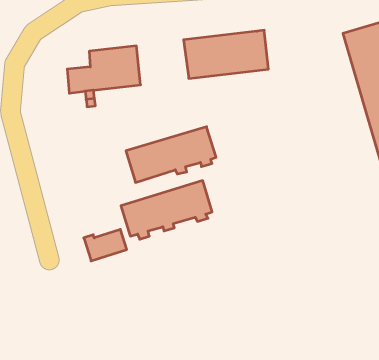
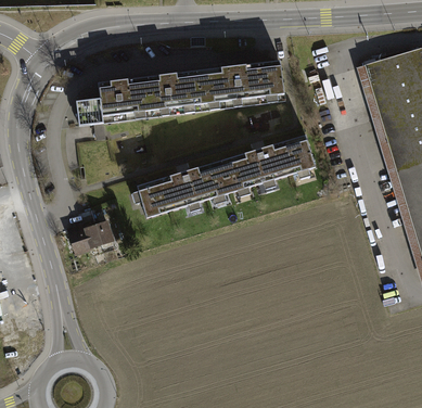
building: none -> [148,69,202,116]
building: [121,181,212,239] -> [220,133,315,194]
building: [84,229,127,261] -> [68,219,113,252]

